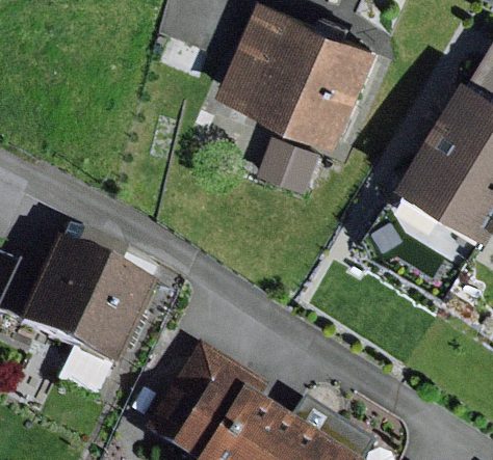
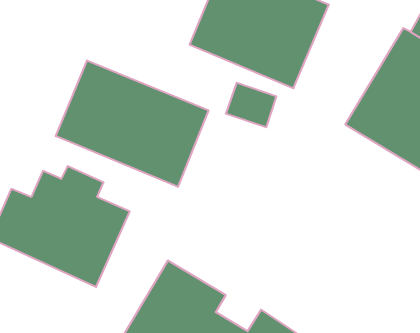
building: none -> [56,60,208,187]

